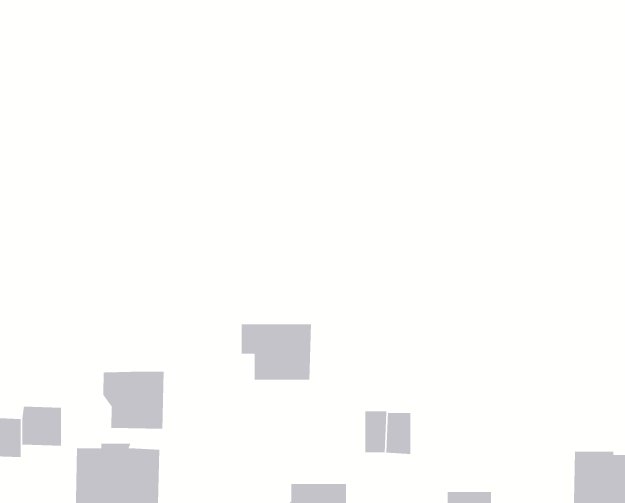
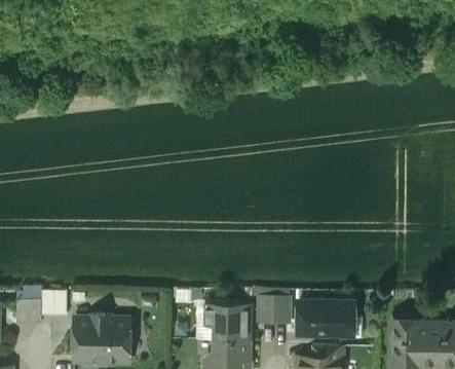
building: [241,324,312,380] -> [204,305,250,341]
building: [103,371,164,430] -> none
building: none -> [298,303,353,334]

